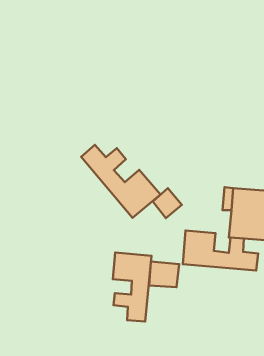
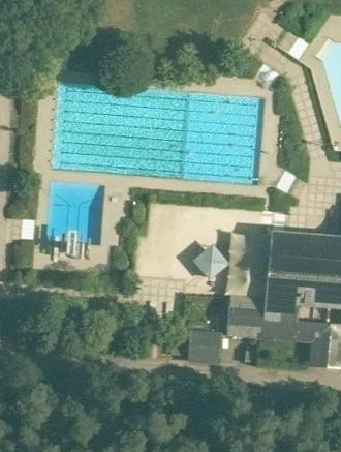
building: [81,145,160,218] -> none
building: [113,252,151,322] -> none

